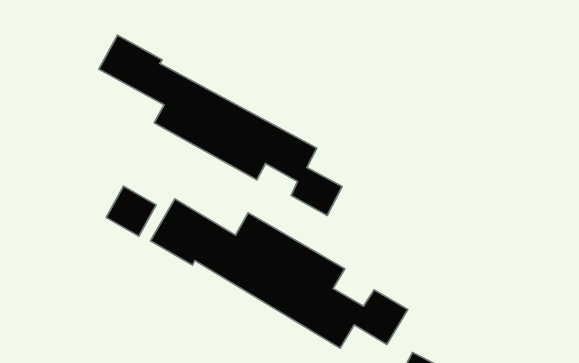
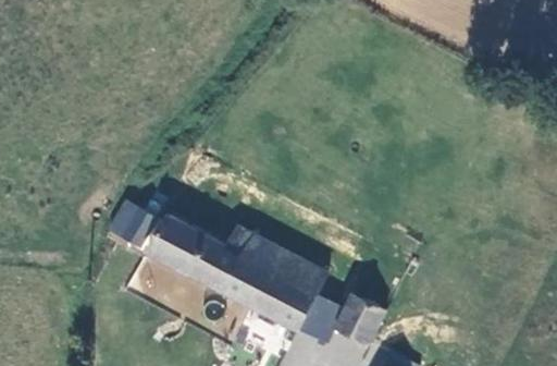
building: [99,35,342,215] -> none

